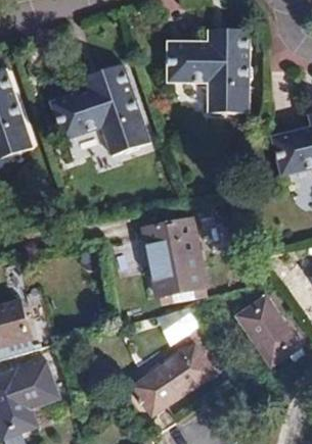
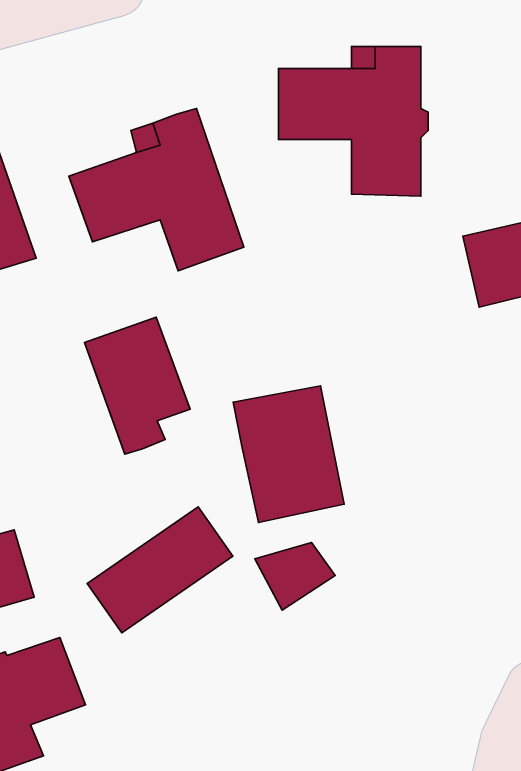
building: none -> [84,317,190,454]
building: [236,297,298,365] -> none
building: [132,344,214,414] -> [87,507,233,633]

